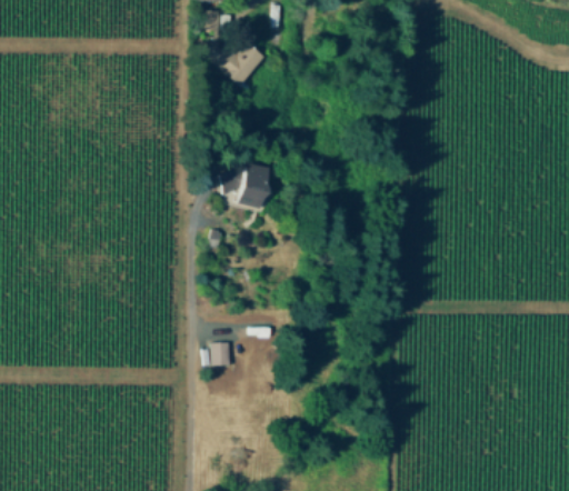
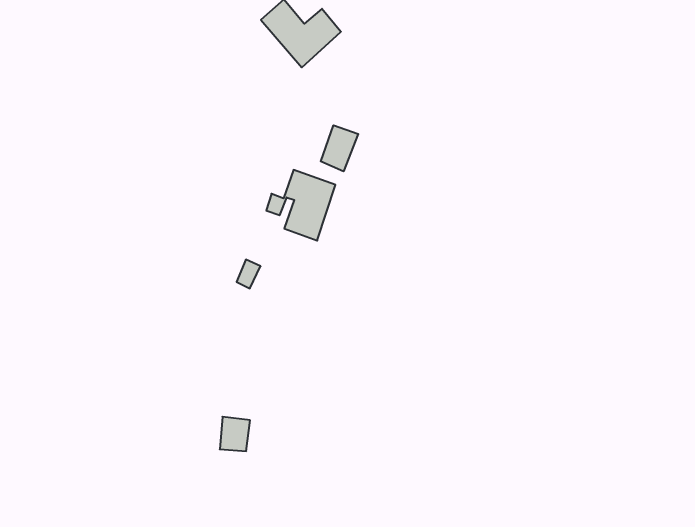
building: none -> [321,125,358,171]

